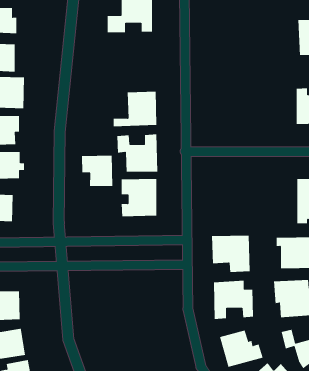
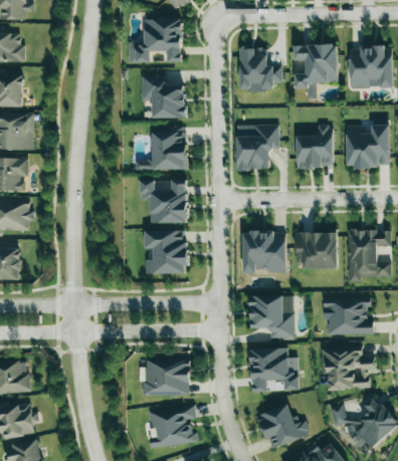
building: none -> [294,44,338,98]
building: none -> [240,47,281,88]
building: none -> [142,75,186,119]
building: none -> [237,125,279,170]
building: none -> [295,126,334,169]
building: [82,155,113,187] -> none
building: none -> [243,231,286,272]
building: none -> [295,232,338,269]
building: none -> [141,363,190,396]
building: none -> [149,405,196,448]

